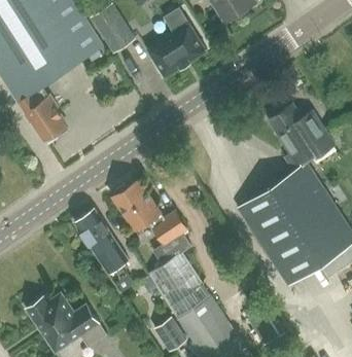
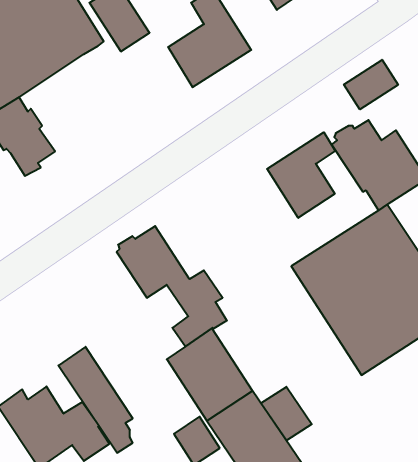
building: none -> [344,60,398,109]
building: none -> [267,132,335,218]
building: [73,209,127,285] -> [58,347,133,453]
building: none -> [261,387,312,440]

